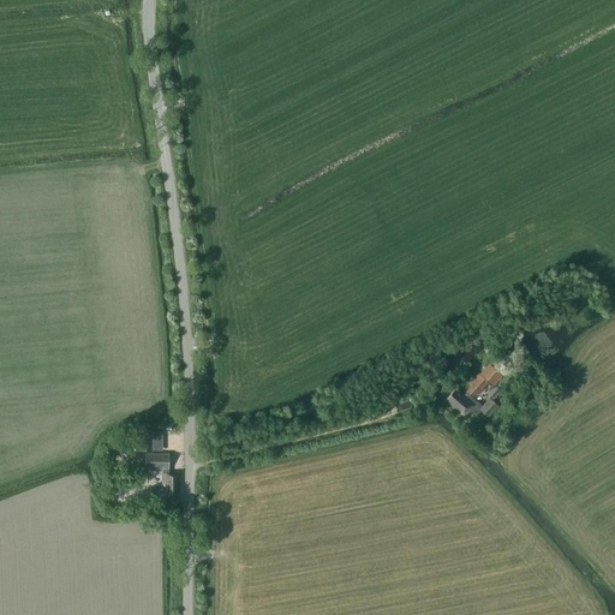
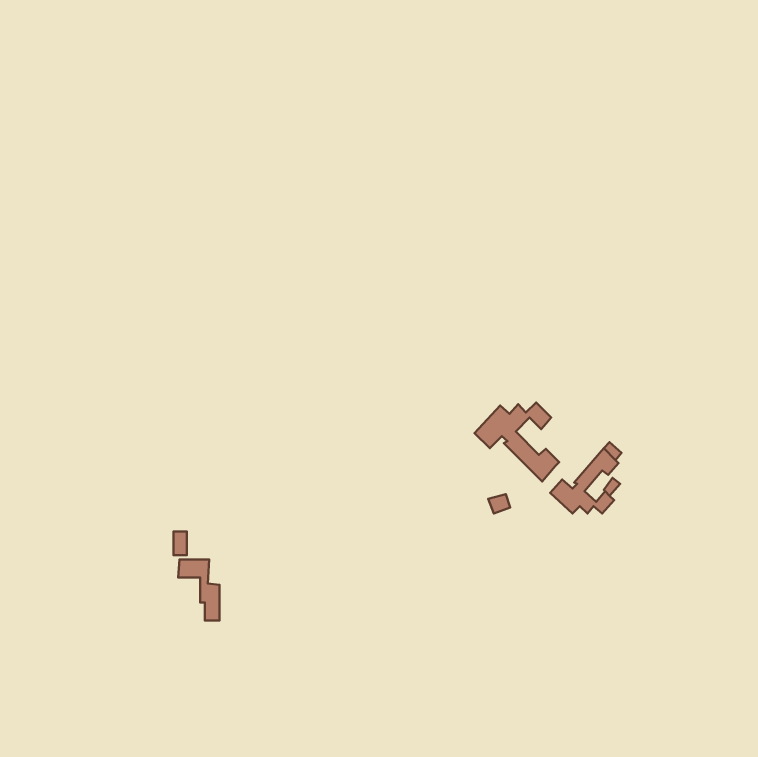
building: none -> [475,403,559,481]

